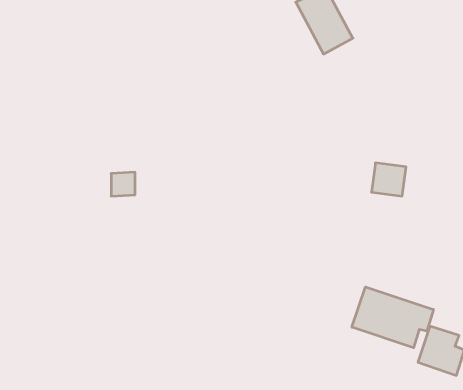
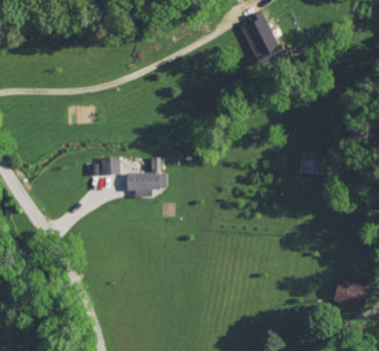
building: none -> [126,171,166,197]
building: [352,287,433,348] -> none

